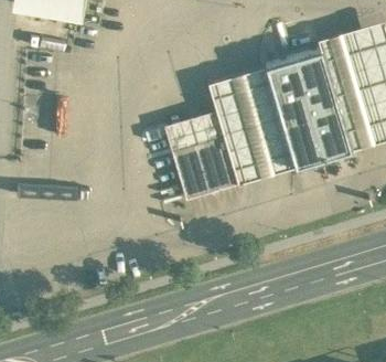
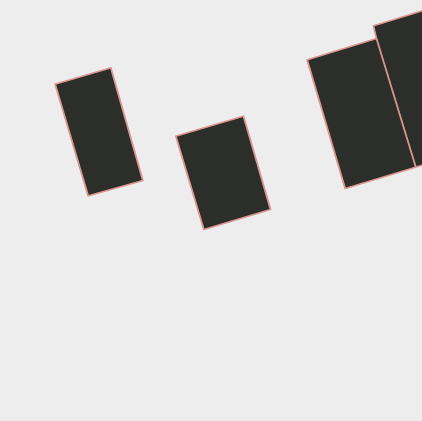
building: [206,71,294,188] -> none
building: none -> [55,68,143,196]

